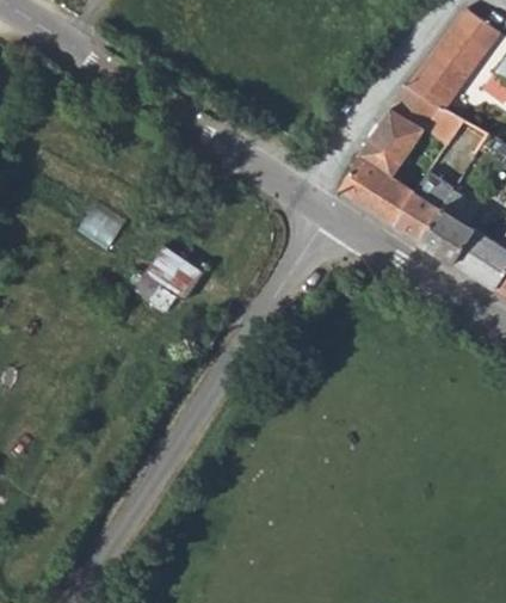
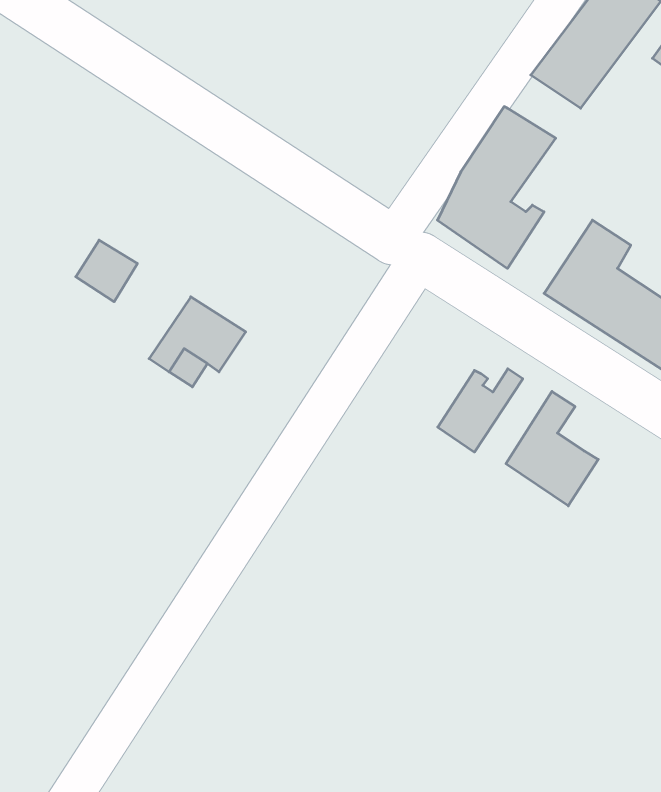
building: [390,86,487,159] -> none
building: [390,183,451,242] -> [438,369,523,452]
building: none -> [506,391,598,506]

